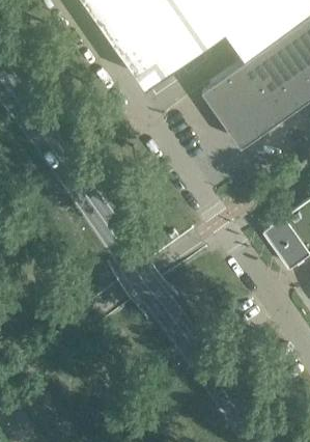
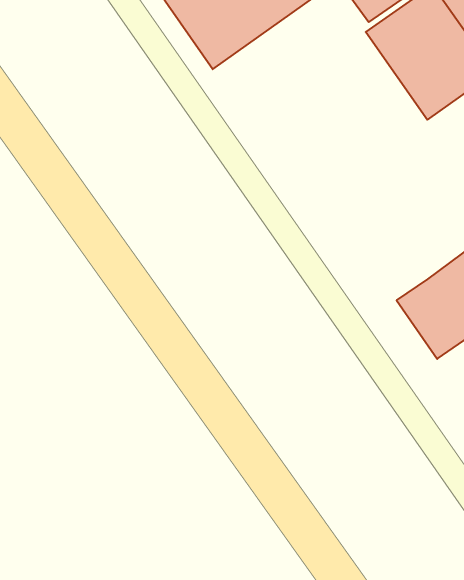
building: [202,63,284,148] -> none

